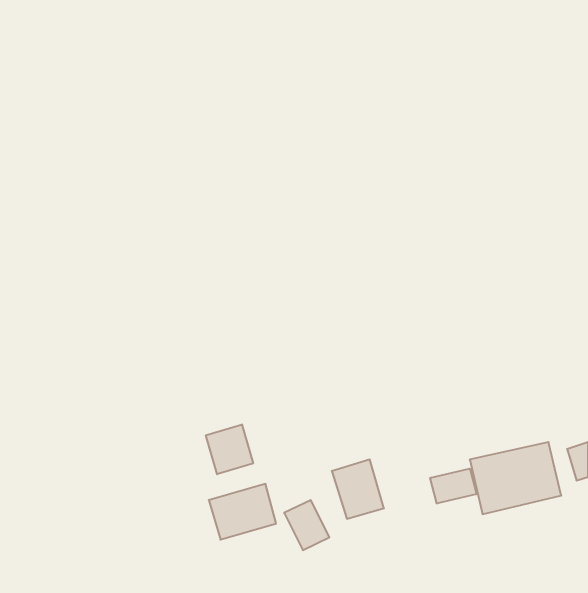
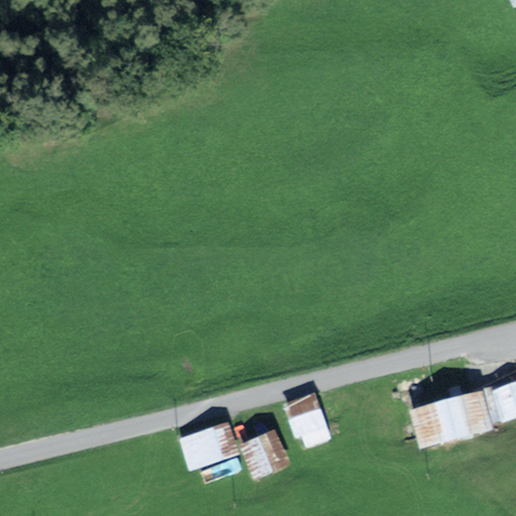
building: [206,424,253,474] -> none
building: [430,469,476,504] -> none

